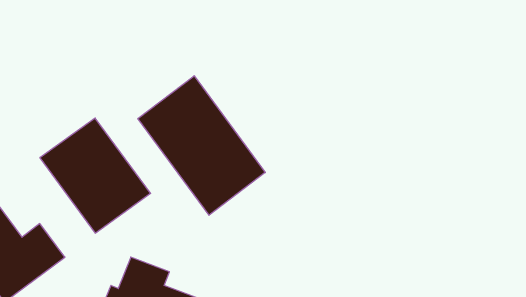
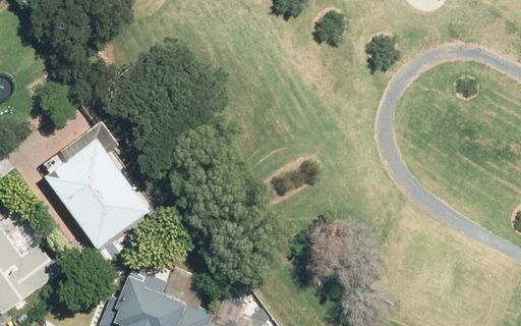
building: [138,76,265,215] -> none

